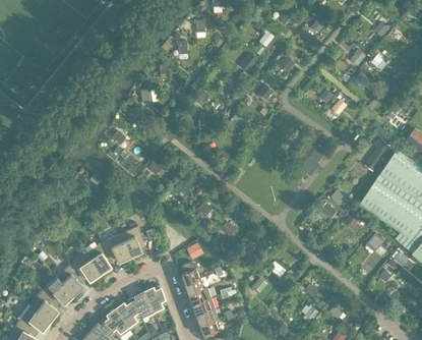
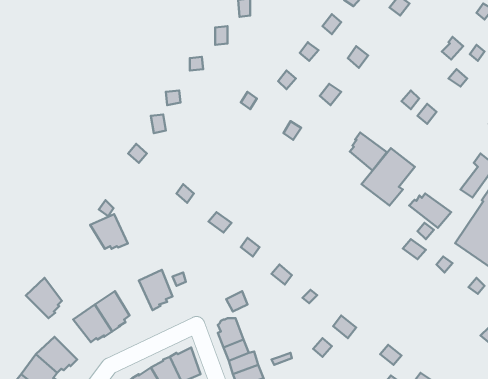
building: none -> [350,133,387,171]
building: none -> [409,194,451,228]
building: [102,234,130,261] -> [90,214,128,249]
building: [56,264,83,294] -> [26,278,62,318]

